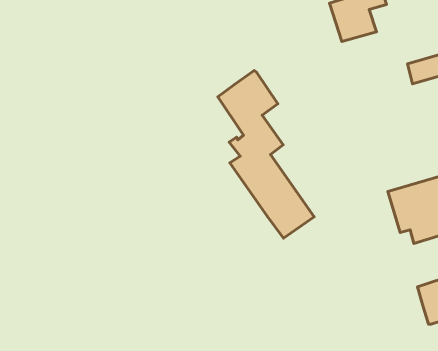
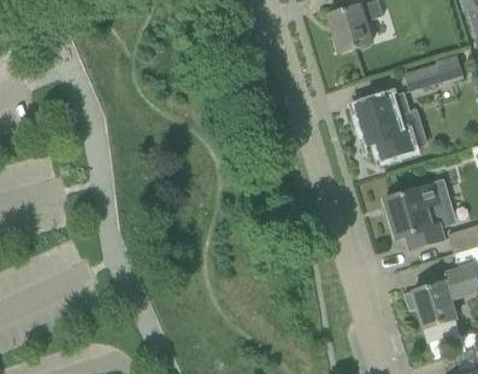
building: [218,71,314,238] -> none
building: none -> [356,94,415,159]

